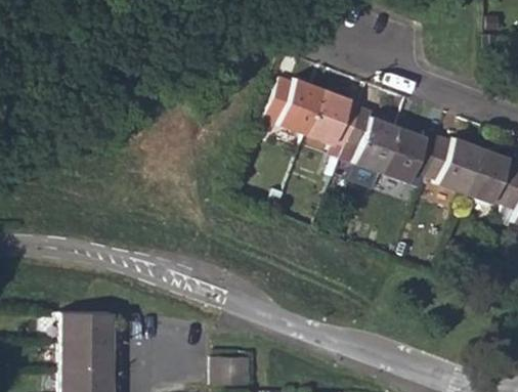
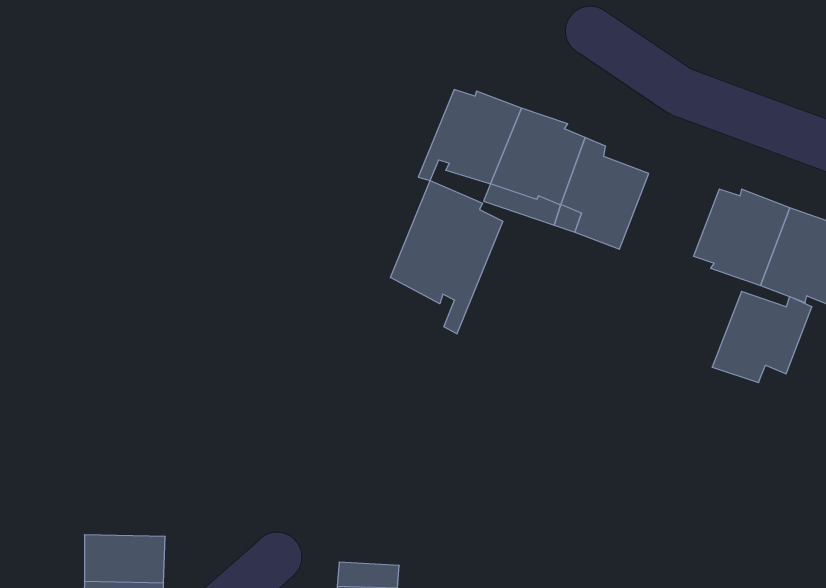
building: [382,127,441,181] -> [712,291,812,383]
building: none -> [390,180,503,334]
building: [63,315,113,343] -> none

